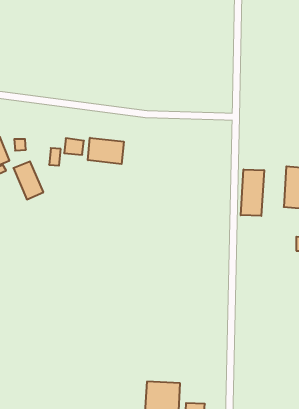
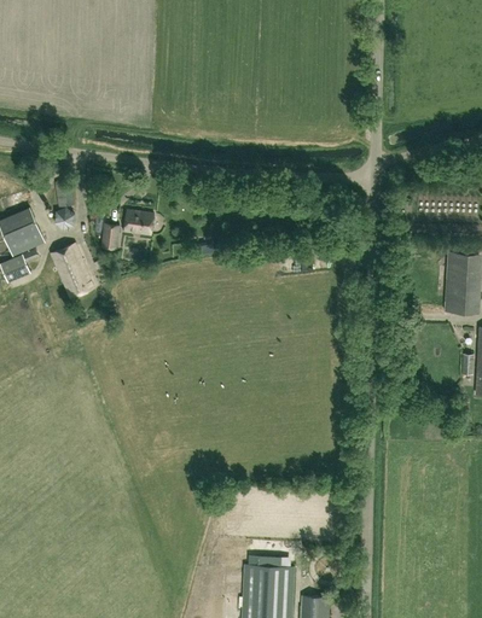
building: [88,138,124,164] -> none
building: [241,169,264,216] -> none

